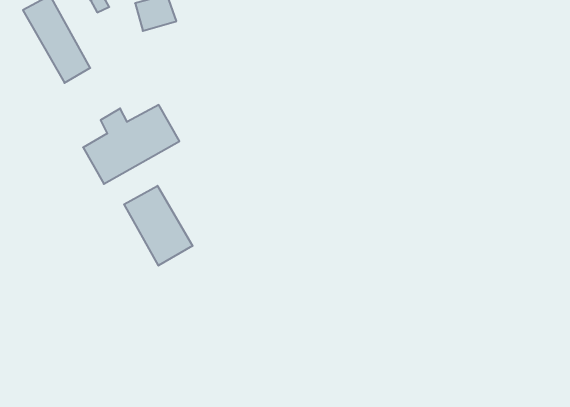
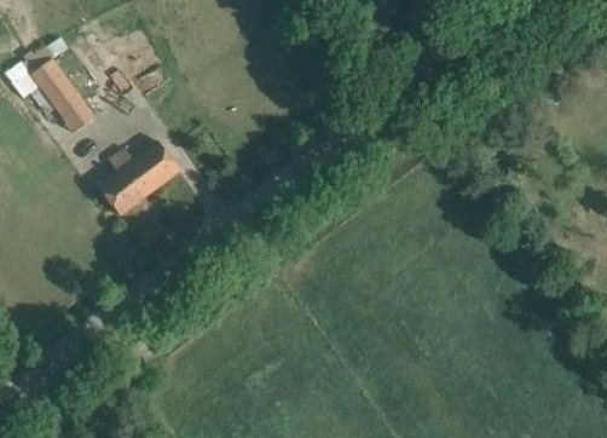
building: [124,186,193,266] -> none

